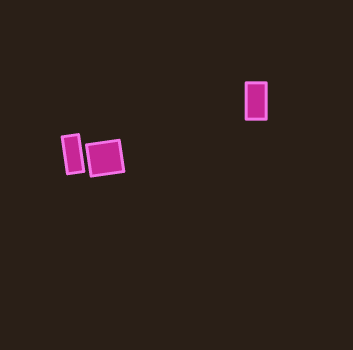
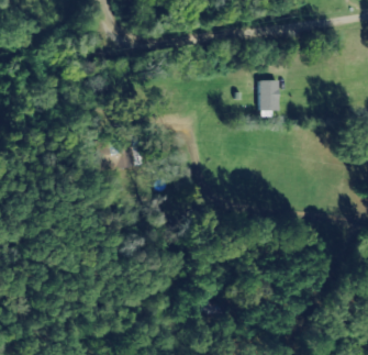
building: [62,135,84,174] -> none

